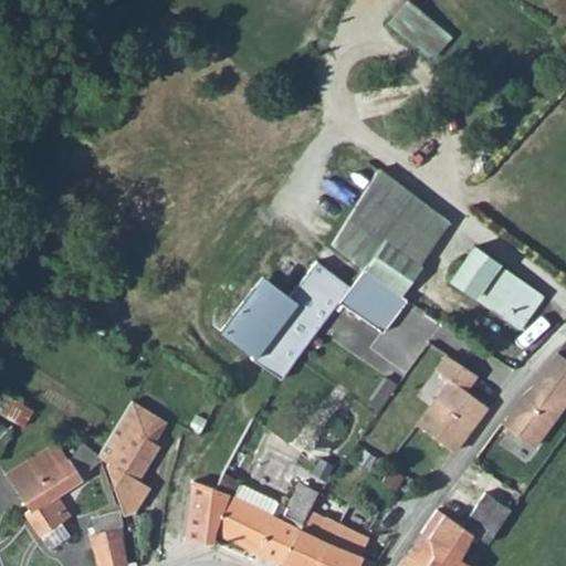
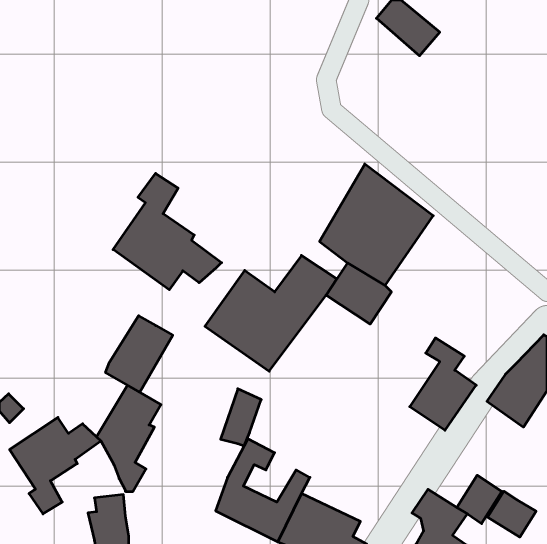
building: none -> [113,173,222,290]
building: [443,245,535,329] -> none
building: none -> [106,316,173,392]
building: [192,485,234,544] -> [221,389,261,446]
building: none -> [488,491,536,537]

